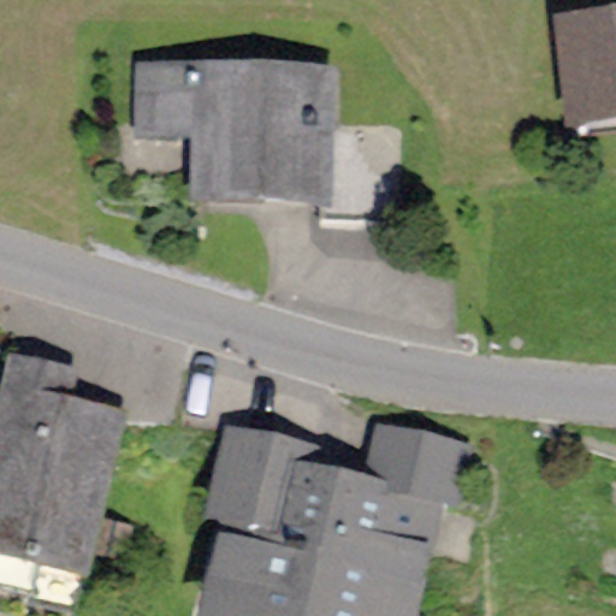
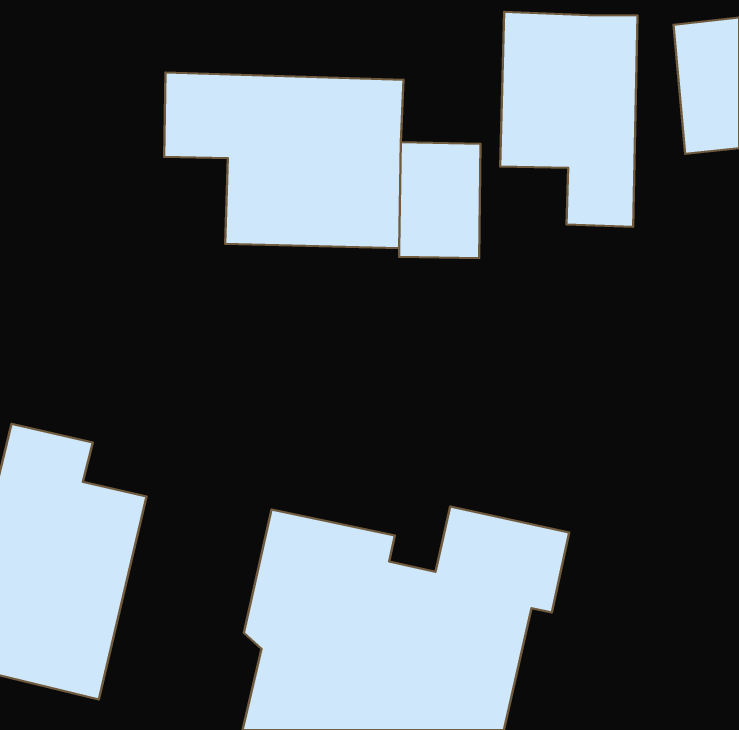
building: none -> [500,12,638,227]

